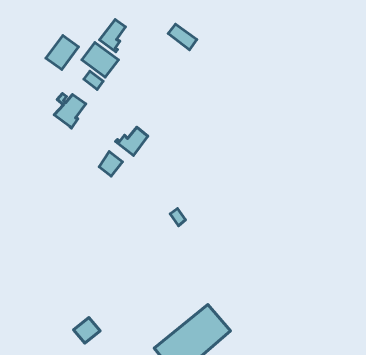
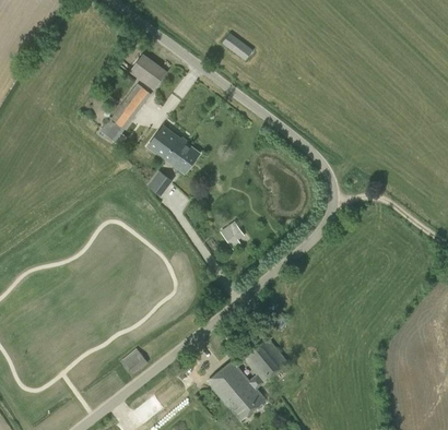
building: [99,20,126,52] -> none
building: [46,36,78,69] -> none
building: none -> [148,124,188,158]

